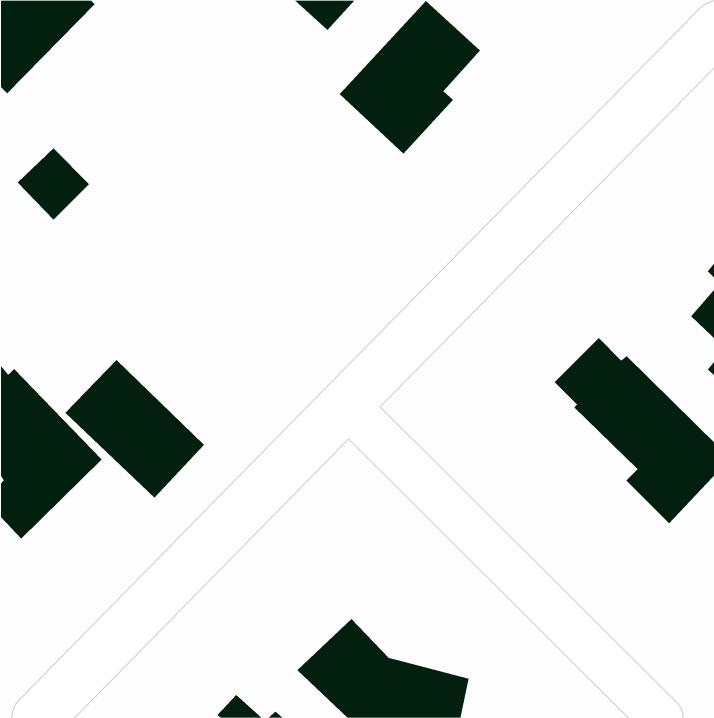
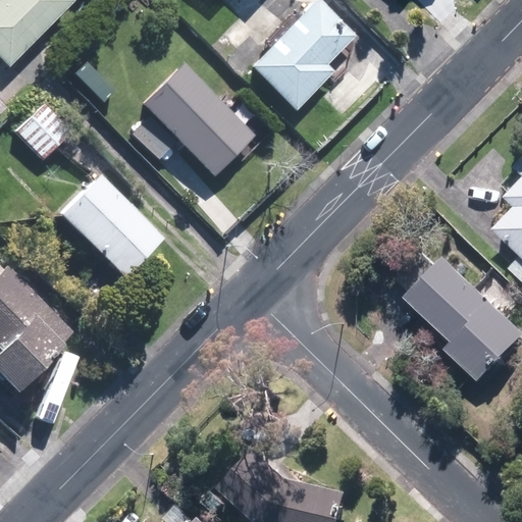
building: none -> [139,65,250,176]
building: [64,359,205,498] -> [56,177,158,278]

